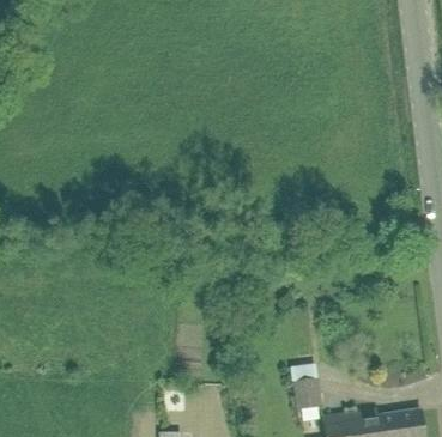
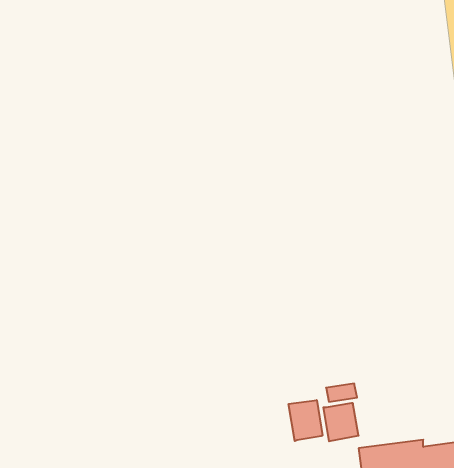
building: none -> [289,400,322,441]

